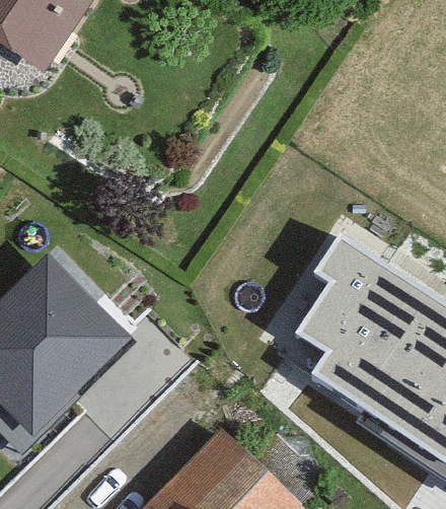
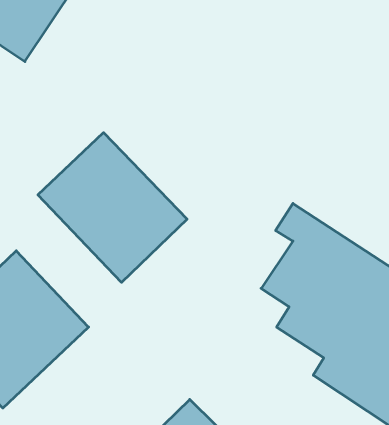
building: none -> [38,133,187,282]

